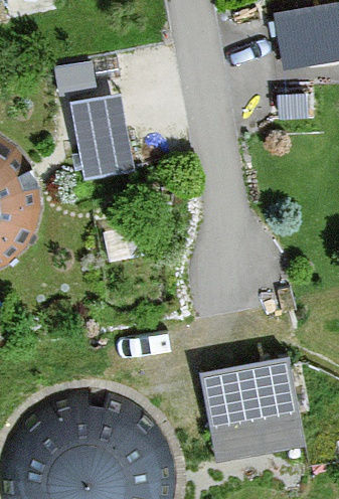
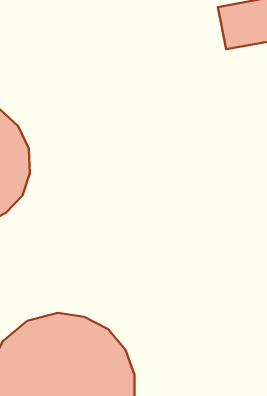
building: [69,93,135,181] -> none
building: [199,358,298,435] -> none

